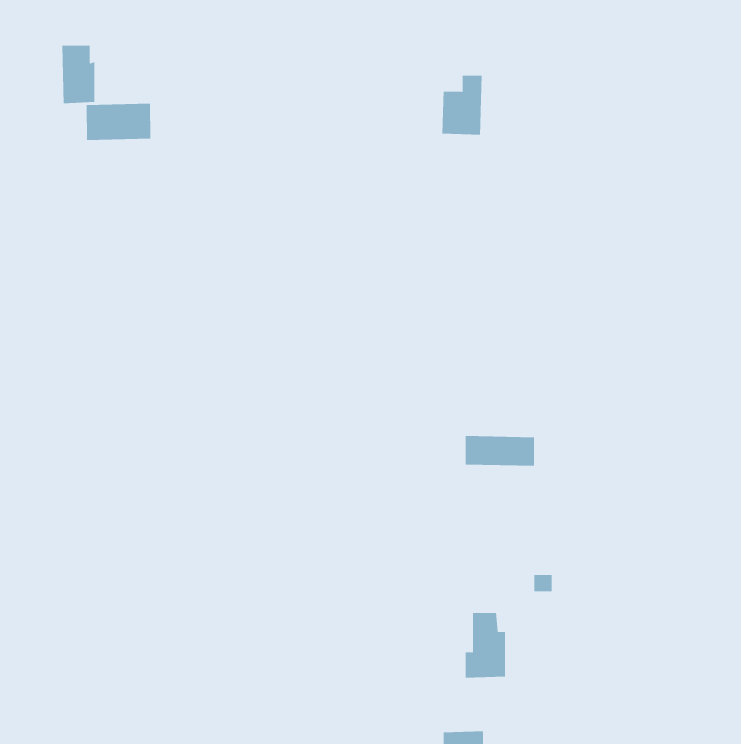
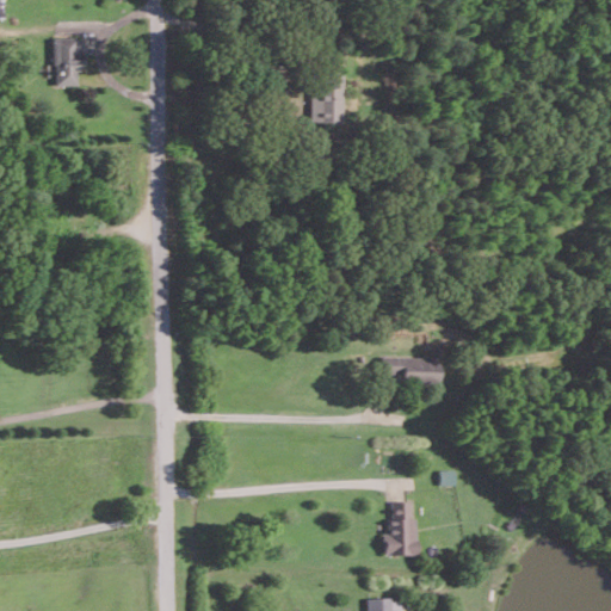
building: [442,75,482,135] -> [313,75,346,124]
building: [86,103,151,141] -> none

